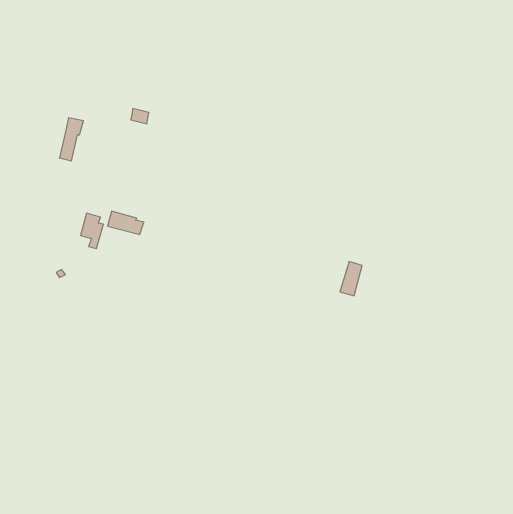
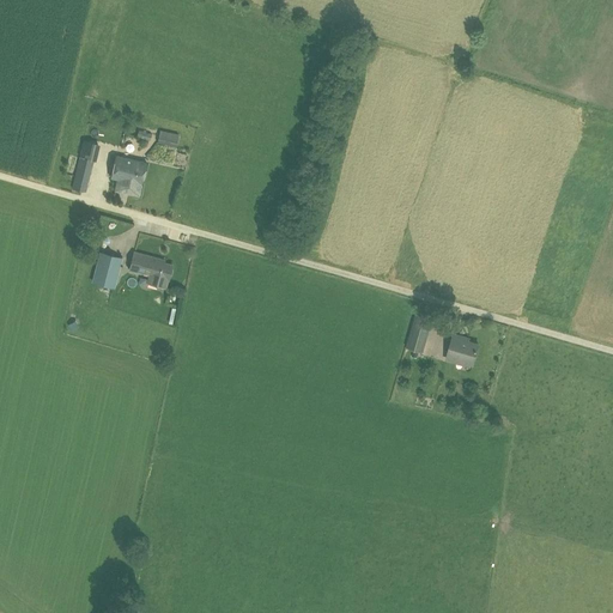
building: none -> [114,157,145,195]
building: none -> [445,334,477,364]

